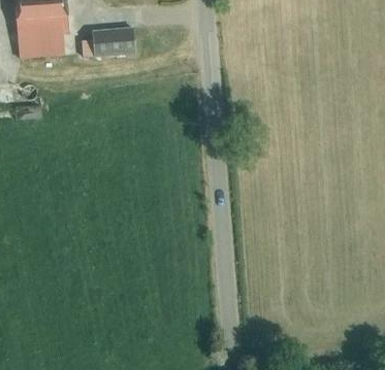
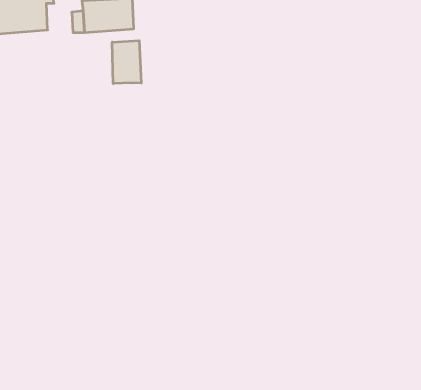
building: none -> [112,41,141,84]

